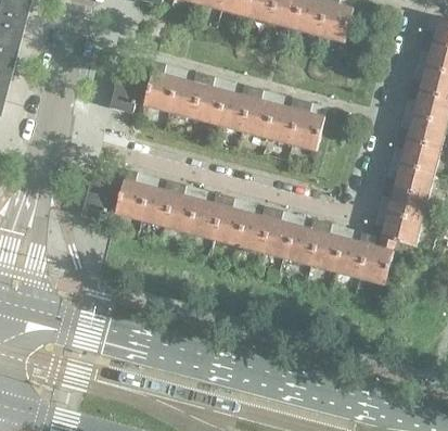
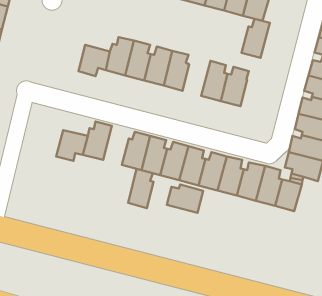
building: [242,89,278,139] -> [242,19,270,58]
building: [141,177,174,227] -> [128,169,154,208]
building: none -> [167,184,203,213]

